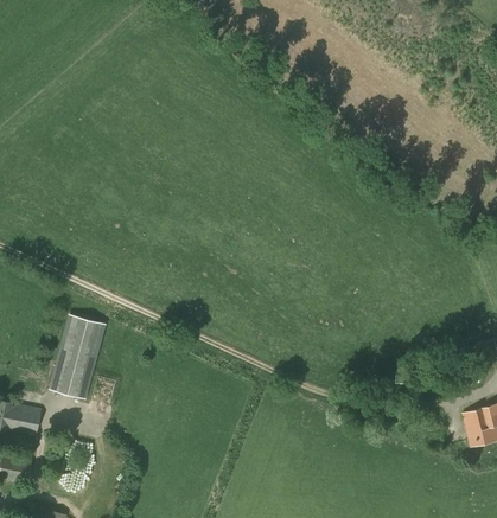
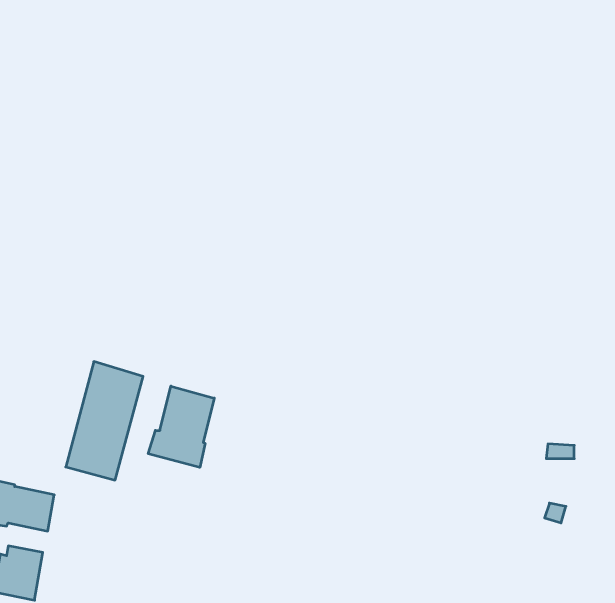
building: none -> [148,386,214,467]

